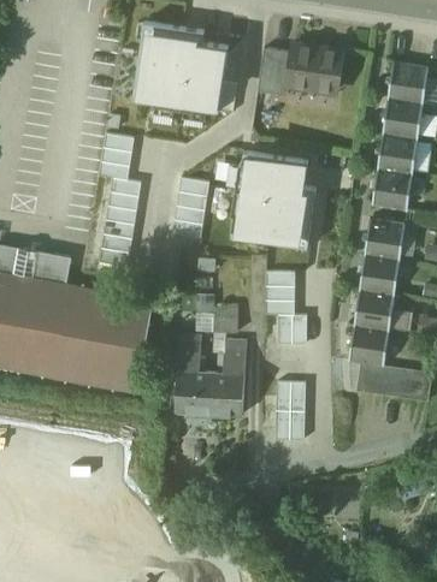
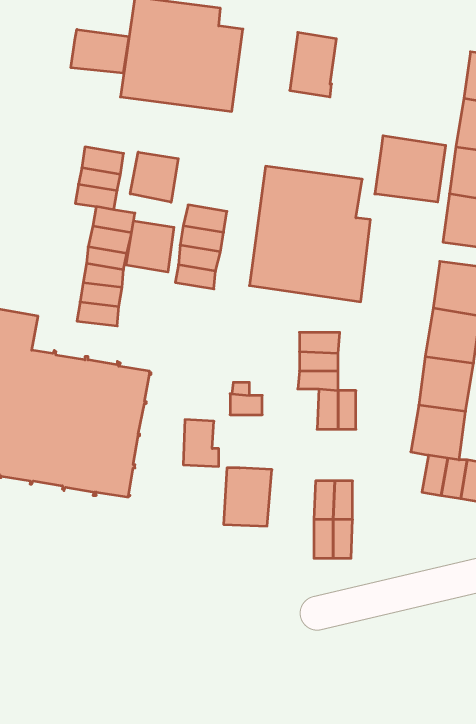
building: [288,43,341,93] -> [375,136,446,202]
building: none -> [71,29,129,73]
building: none -> [130,152,178,202]
building: none -> [126,221,174,272]
building: [217,340,246,374] -> none
building: [176,370,211,415] -> none

